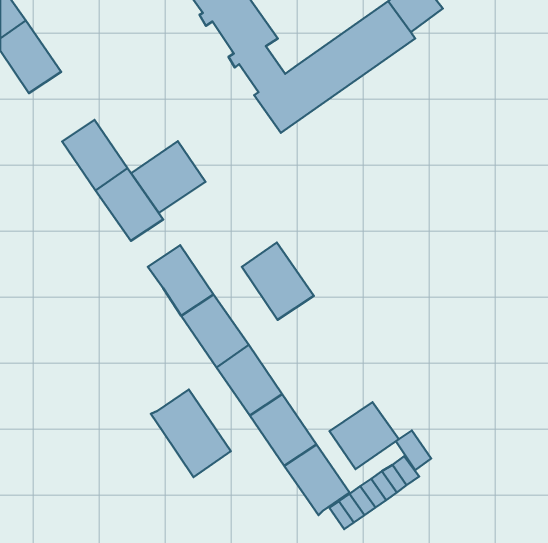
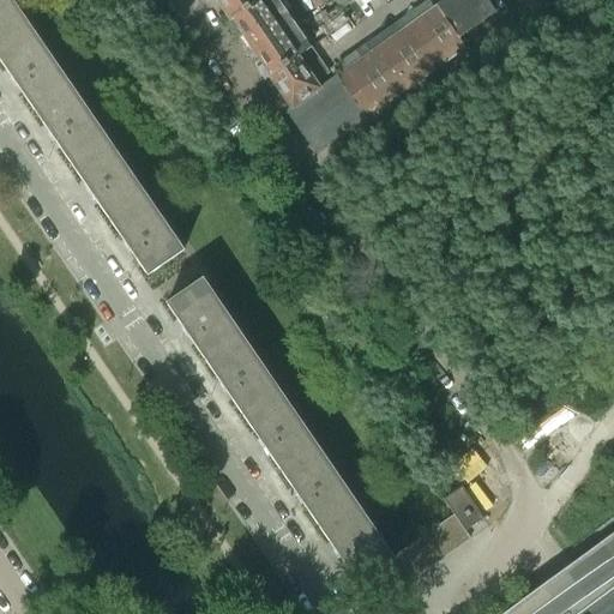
building: none -> [32,80,106,158]
building: [131,141,206,213] -> none
building: [242,242,314,320] -> none
building: [151,389,231,477] -> none
building: [329,402,399,469] -> none

